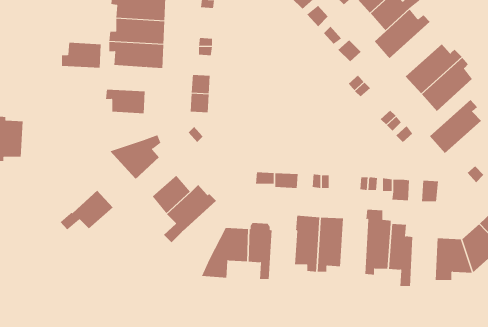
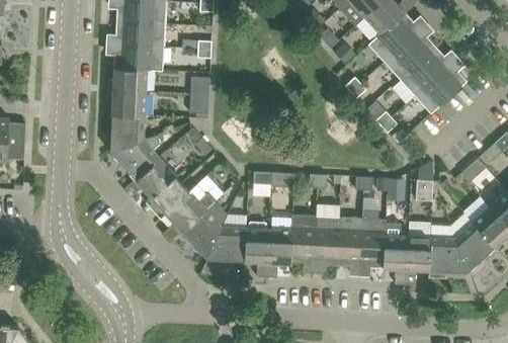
building: [61,42,101,68] -> [107,68,147,93]
building: [429,99,482,154] -> [385,25,436,79]
building: none -> [110,113,145,152]
building: [60,190,114,230] -> [123,158,176,197]
building: none -> [182,200,228,258]
building: none -> [337,218,363,272]
building: none -> [267,229,293,278]
building: none -> [406,236,431,285]

